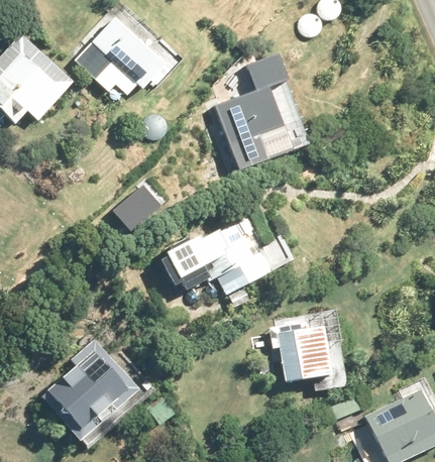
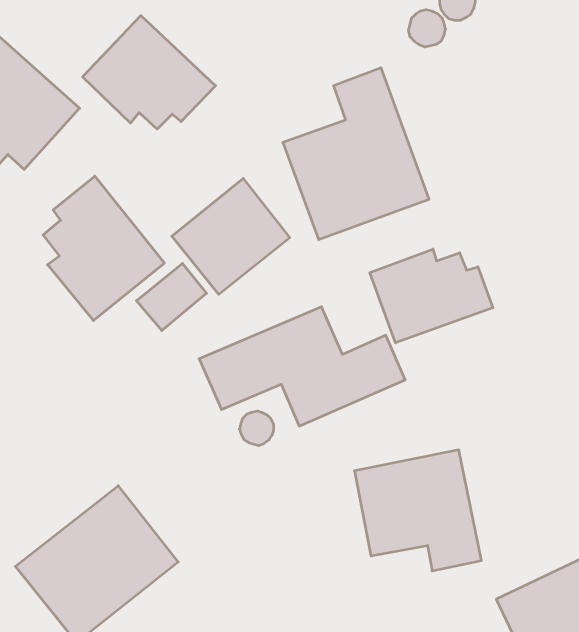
building: none -> [43,176,164,321]
building: none -> [172,178,290,294]
building: none -> [370,249,493,343]

